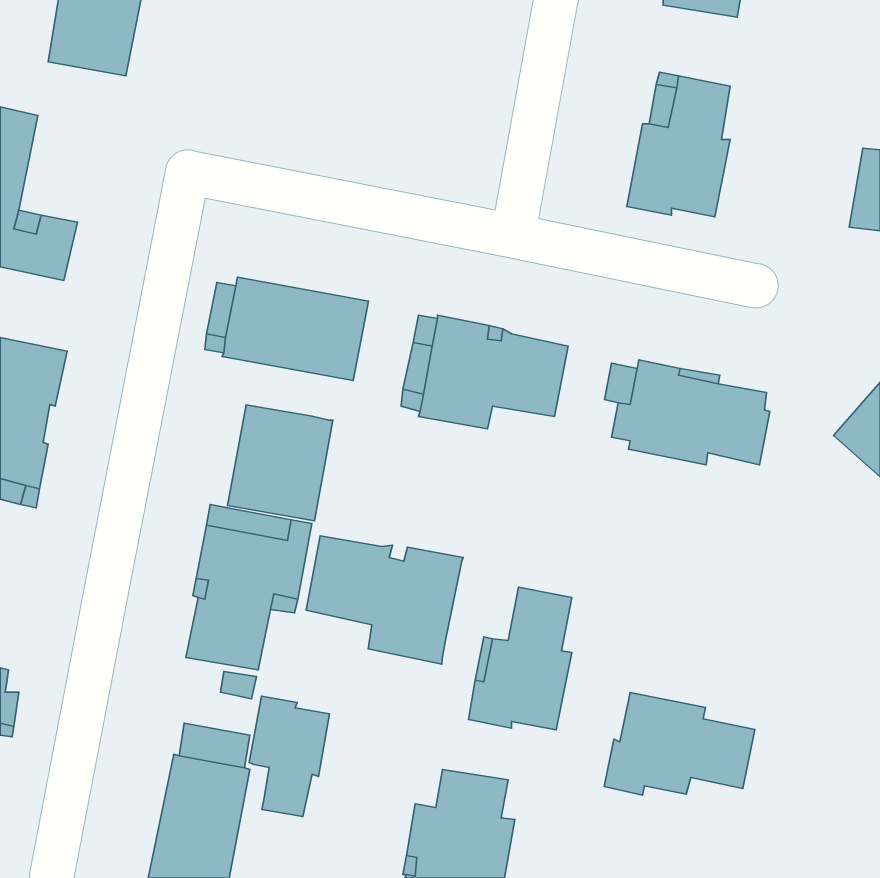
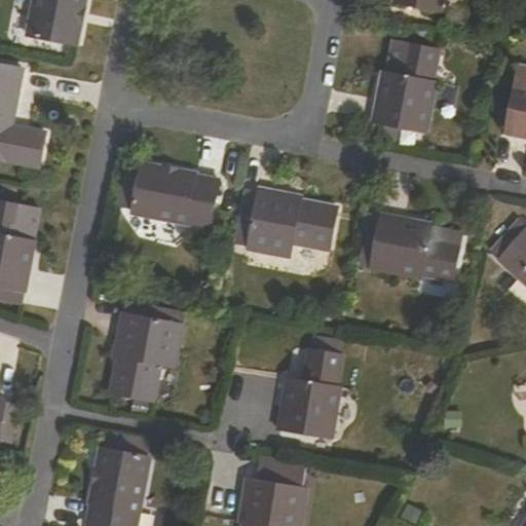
building: [227,405,333,521] -> none
building: [306,536,463,664] -> none
building: [604,693,755,795] -> none
building: [249,696,329,817] -> none

